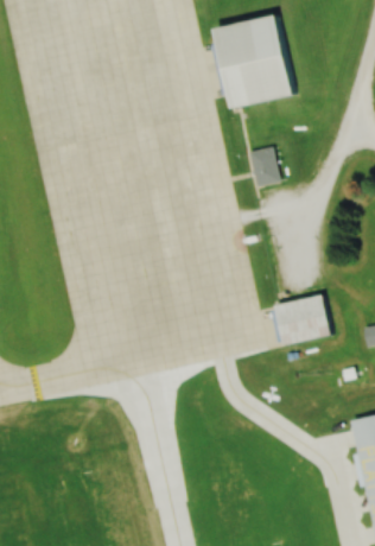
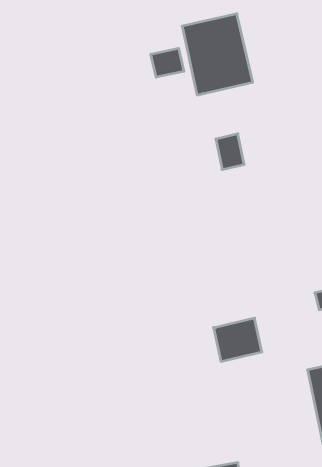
building: none -> [151,48,184,77]
building: [273,298,328,347] -> [213,318,262,361]

